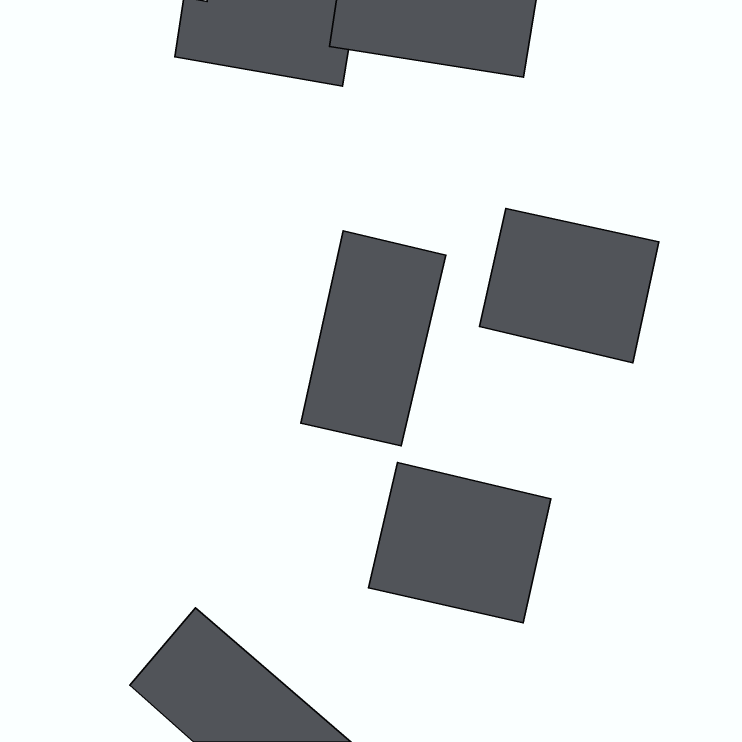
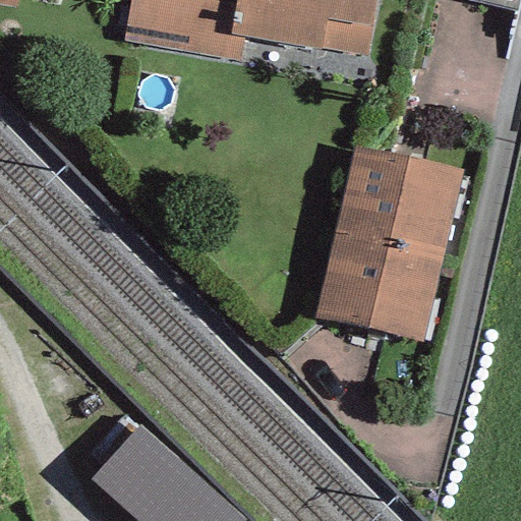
building: [301,231,446,446] -> none
building: [369,462,551,623] -> [316,228,444,340]

